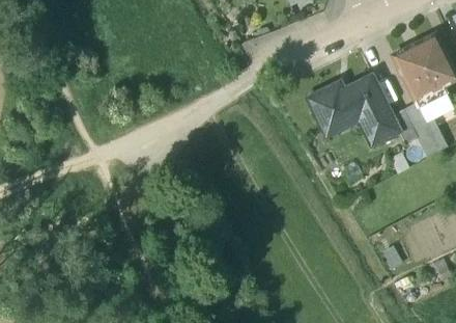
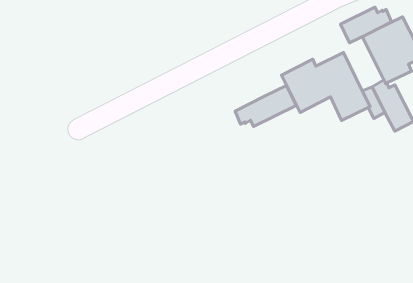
building: none -> [341,7,391,43]
building: none -> [235,86,296,126]

